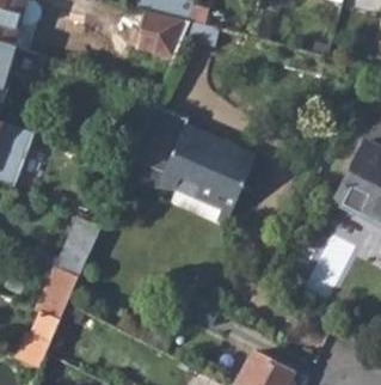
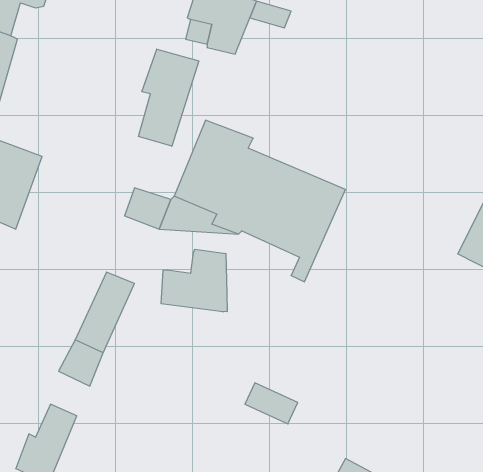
building: none -> [138,49,199,146]
building: none -> [161,249,227,312]

